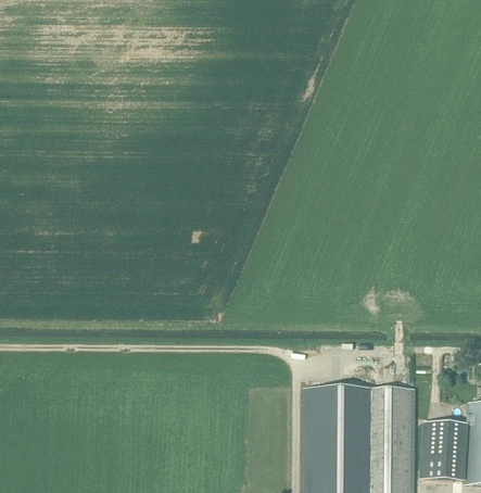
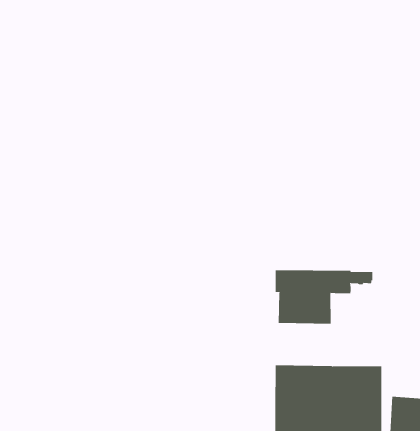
building: none -> [275,270,373,324]

